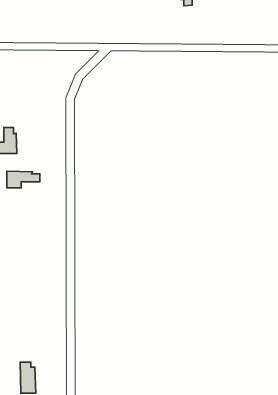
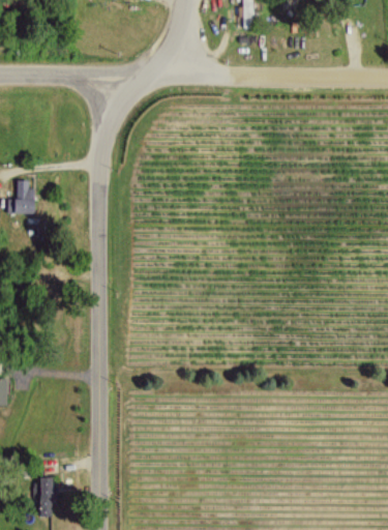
building: [7,171,40,188] -> none

